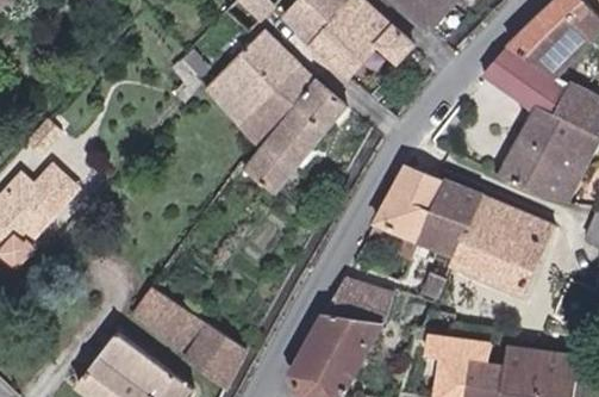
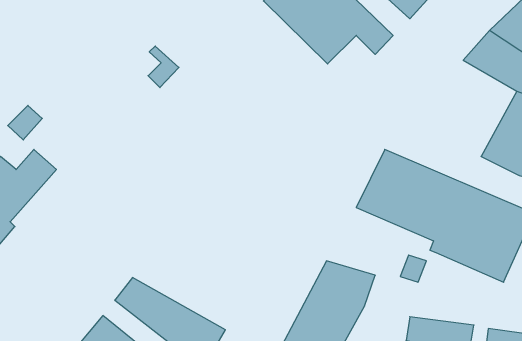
building: [207,29,348,197] -> none

